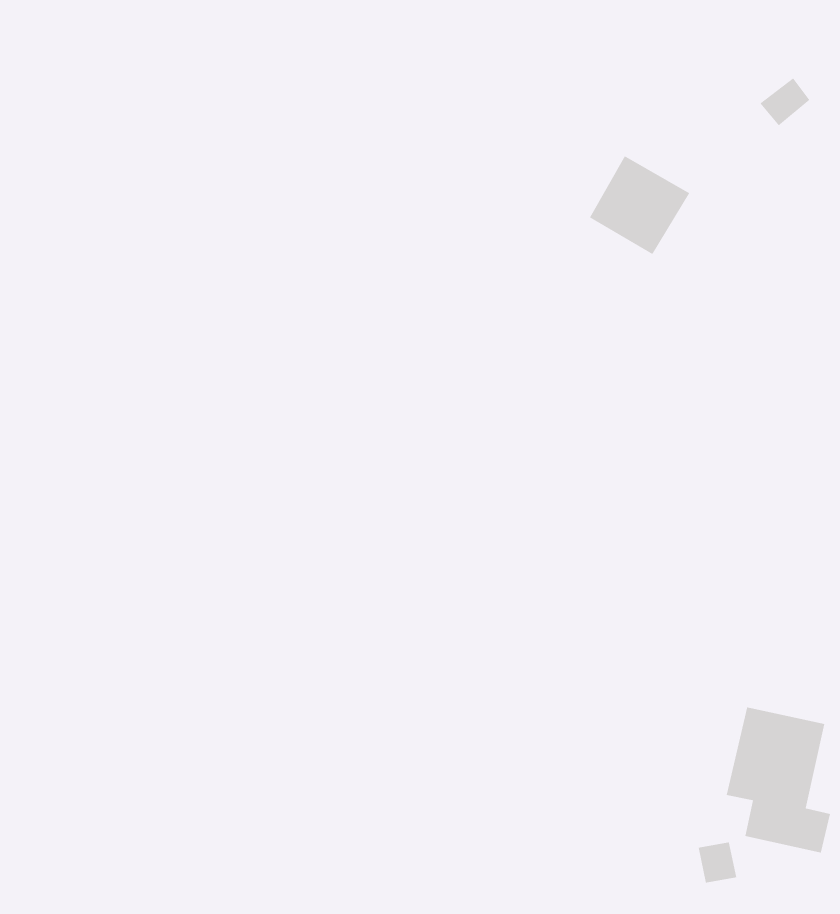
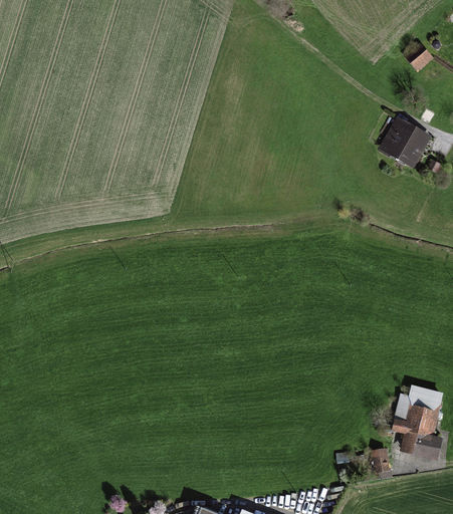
building: [589,156,690,255] -> [378,114,432,168]

